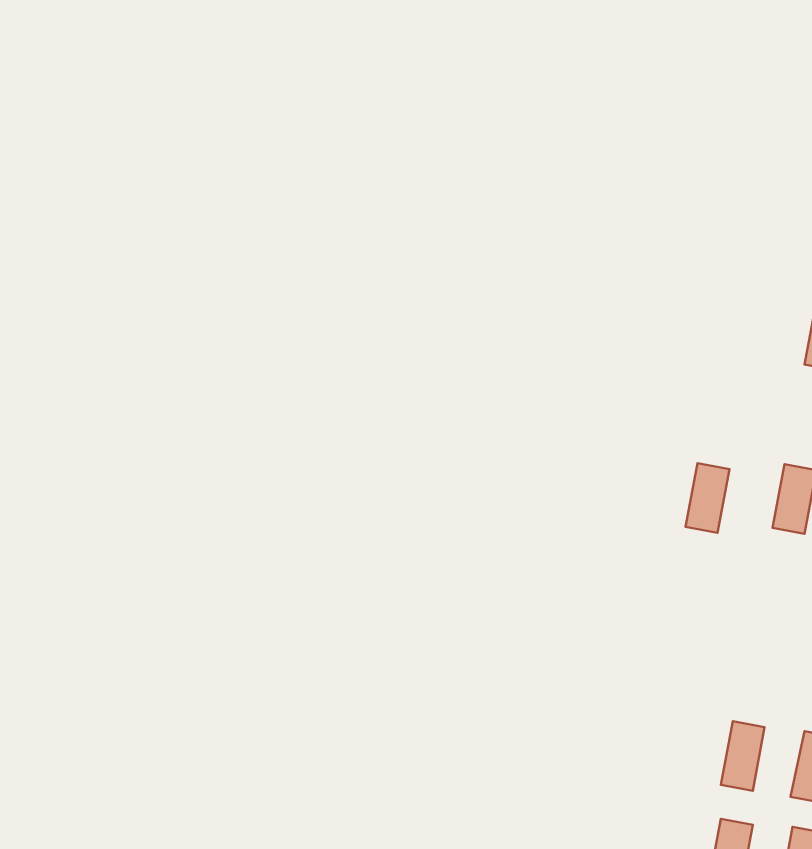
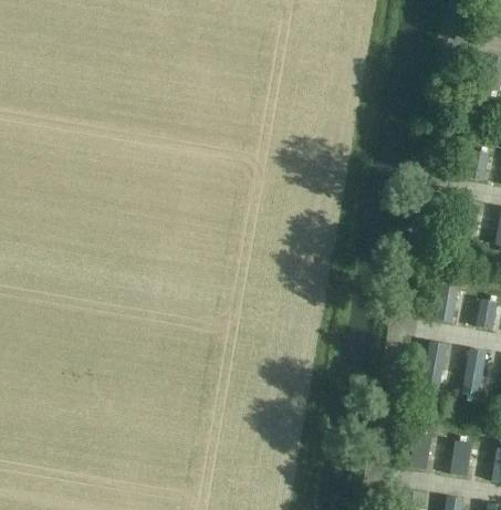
building: [686,463,729,533] -> [426,346,450,385]

